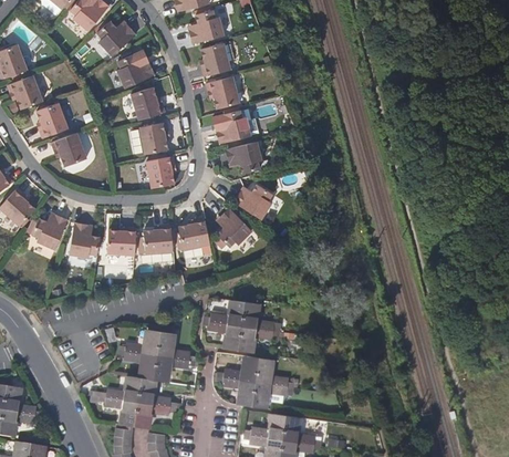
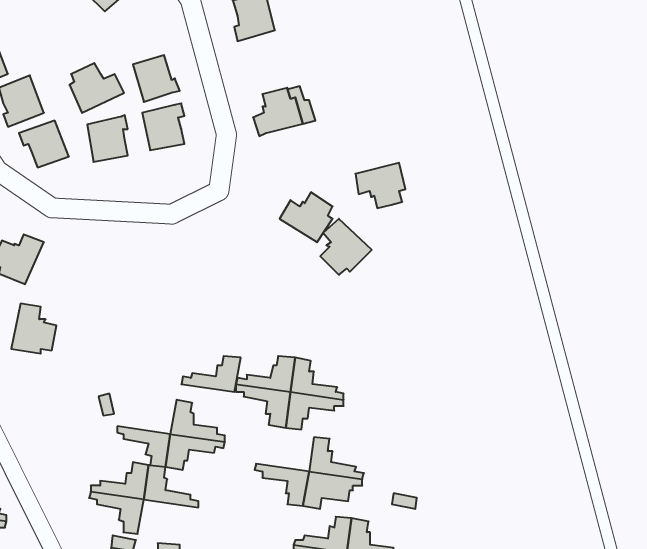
building: [115,53,154,89] -> [69,63,124,113]
building: [207,75,240,108] -> none
building: [227,142,262,174] -> [355,163,405,208]
building: [145,155,174,188] -> [87,115,128,162]
building: [217,207,253,247] -> [320,219,372,275]
building: [178,217,210,249] -> none
building: [67,221,100,257] -> [11,304,56,354]
building: [144,224,175,255] -> none
building: [107,226,136,255] -> none
building: [120,330,162,355] -> [181,356,241,392]
building: [218,355,259,382] -> none
building: [134,402,177,428] -> none

